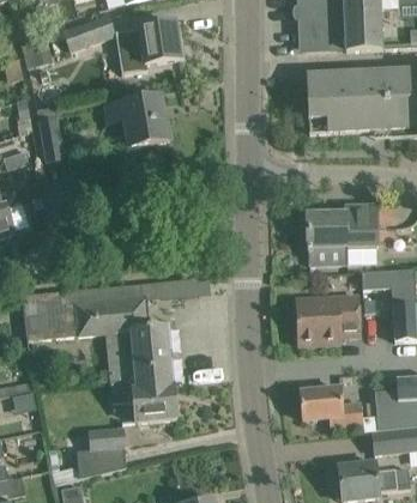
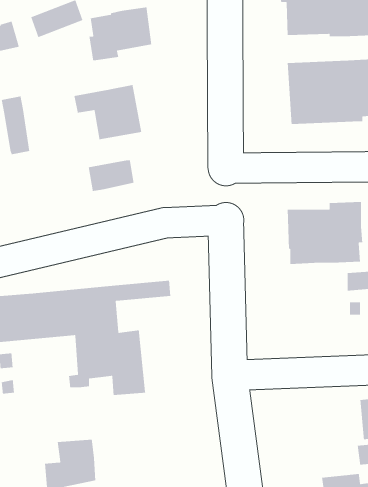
building: none -> [88,159,134,192]
building: [295,295,361,345] -> none
building: [109,369,176,420] -> none
building: [300,386,363,426] -> none

